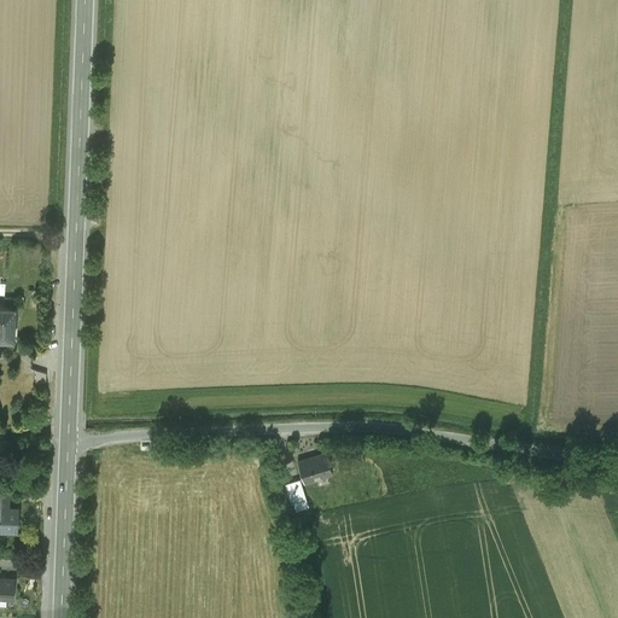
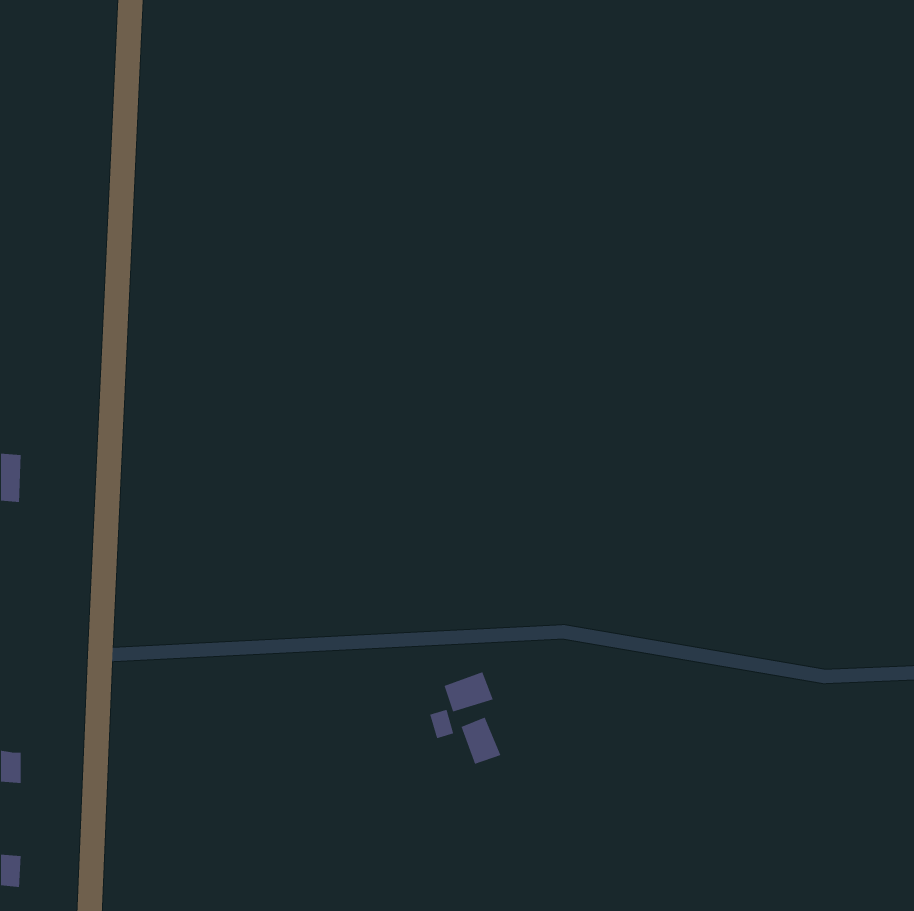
building: none -> [461,717,502,765]

